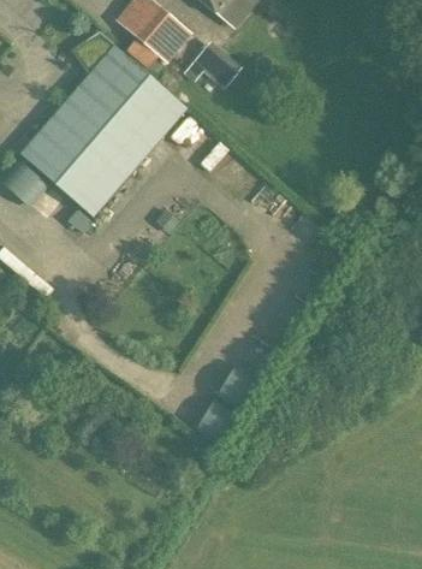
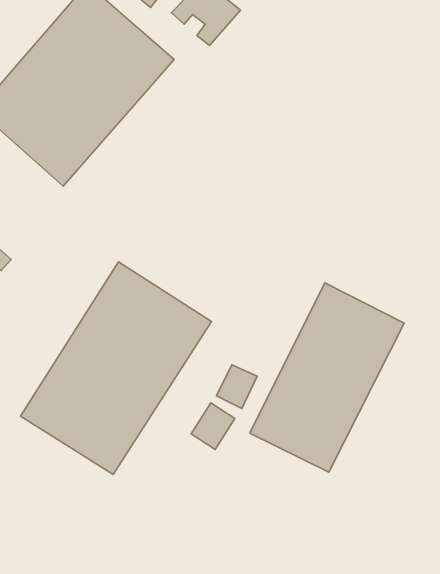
building: none -> [21,262,211,474]
building: none -> [250,283,404,472]

